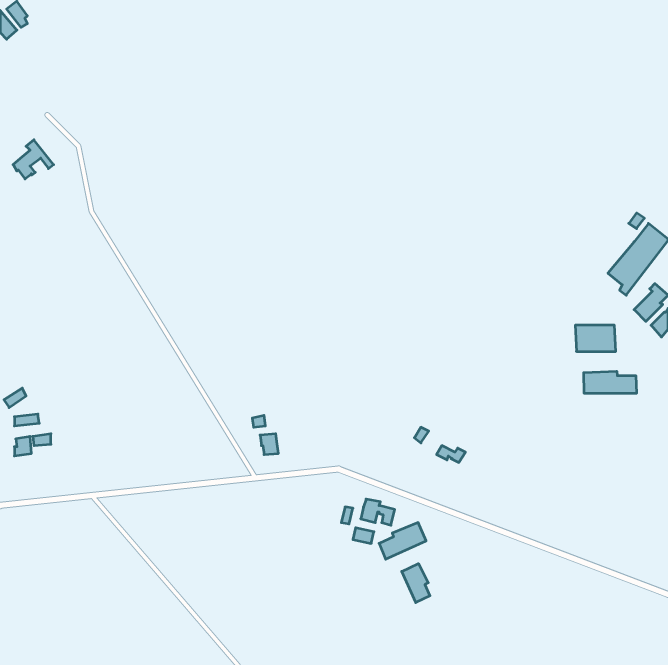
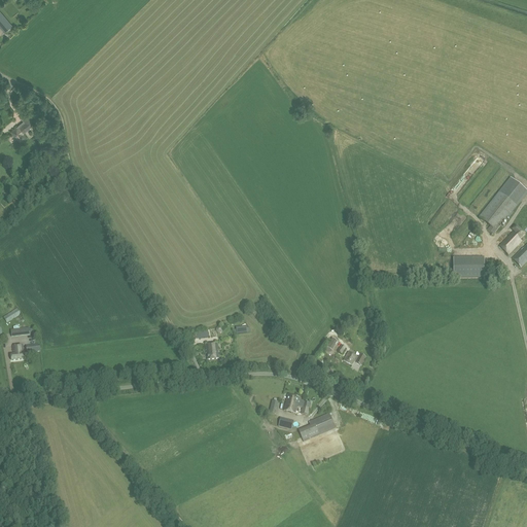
building: [584,371,636,393] -> none
building: [402,564,430,603] -> none

